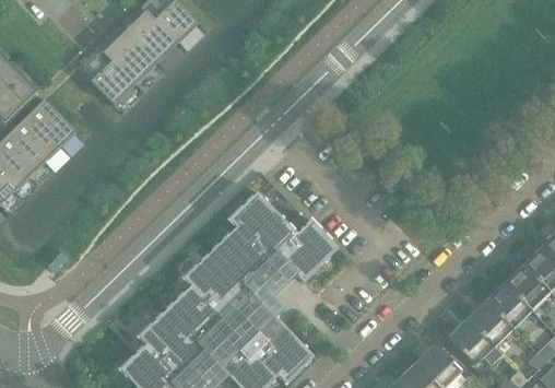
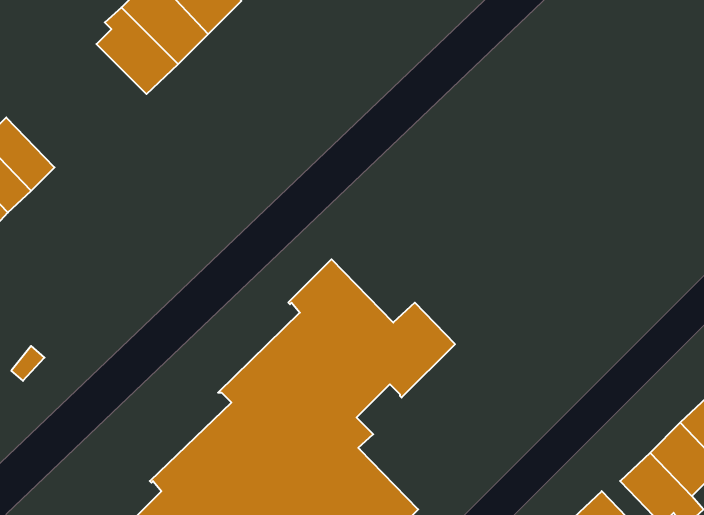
building: [78,51,135,105] -> none

